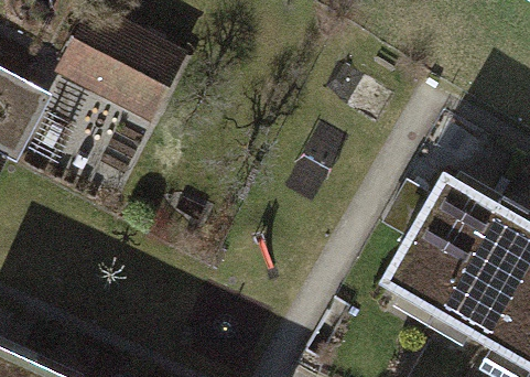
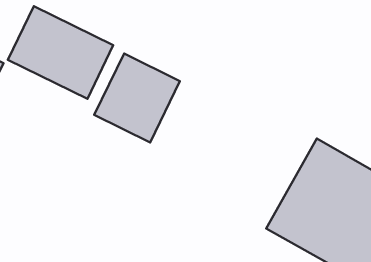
building: none -> [94,54,180,142]

